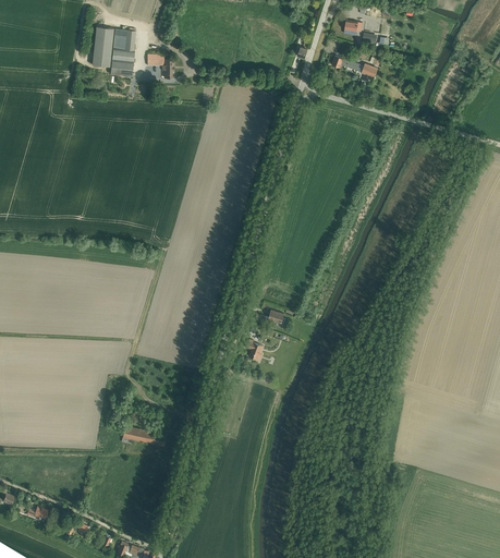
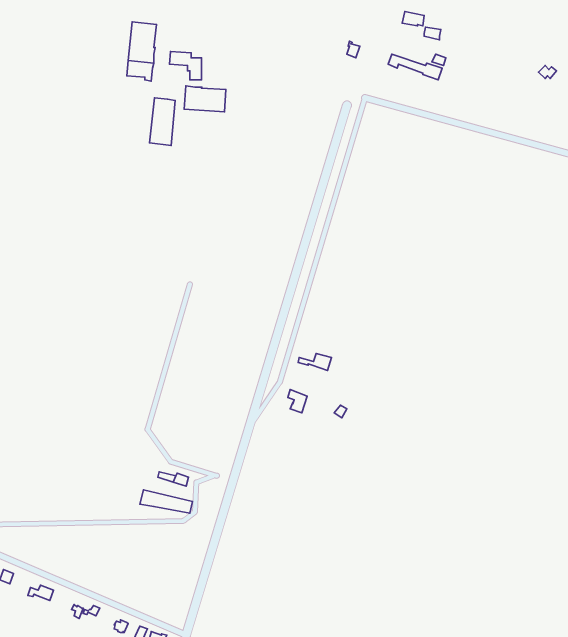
building: [90,27,112,68] -> [149,98,175,145]
building: none -> [184,86,226,112]

